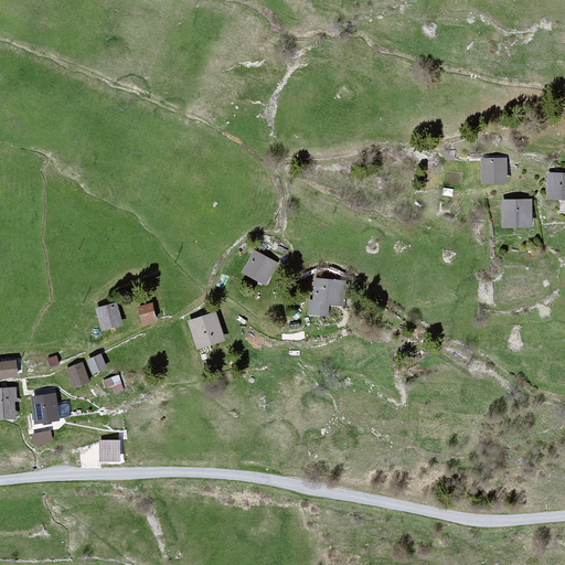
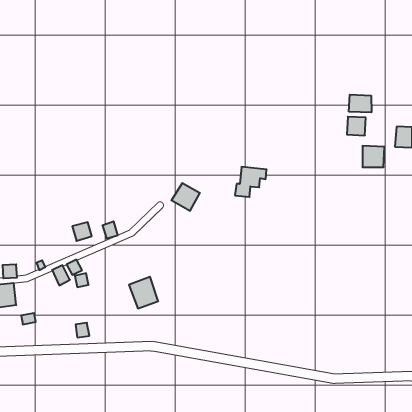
building: none -> [349,95,371,112]
building: [298,276,341,317] -> [235,167,267,197]
building: [189,309,228,352] -> [129,277,158,308]
building: [39,390,70,424] -> none

